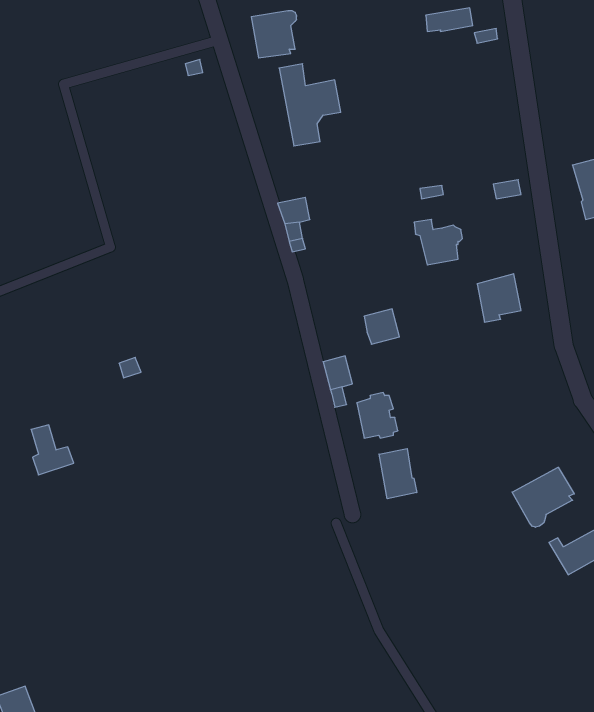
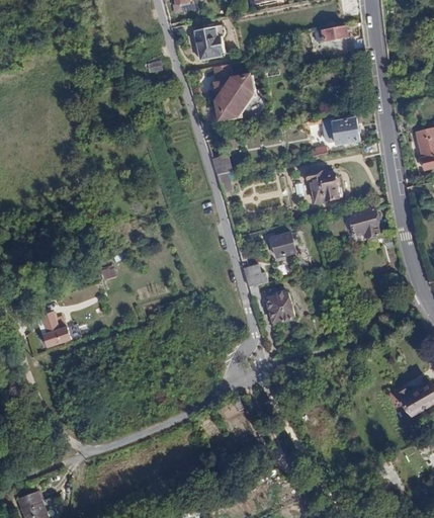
building: none -> [332,118,358,144]
building: [379,449,417,499] -> none
building: [512,467,574,527] -> none

